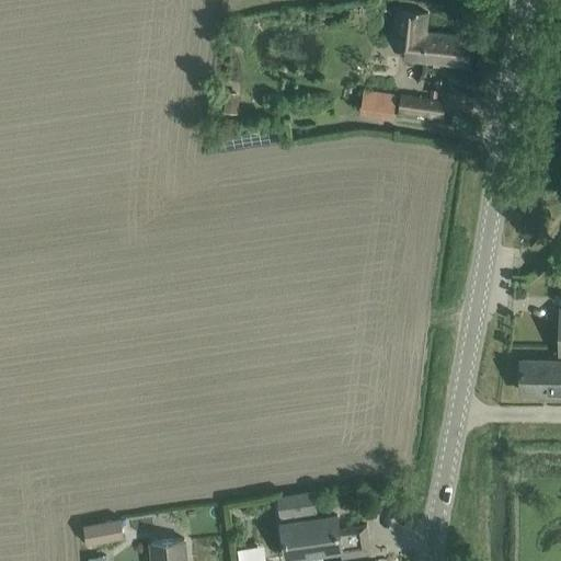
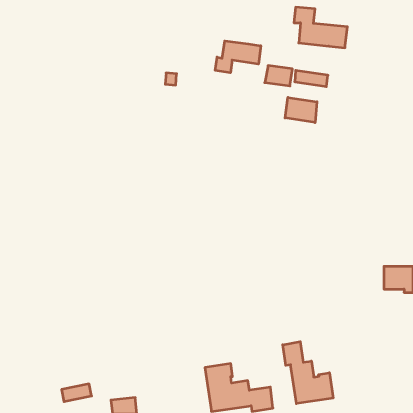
building: none -> [215,41,261,73]
building: none -> [285,97,317,123]
building: none -> [283,342,333,404]

